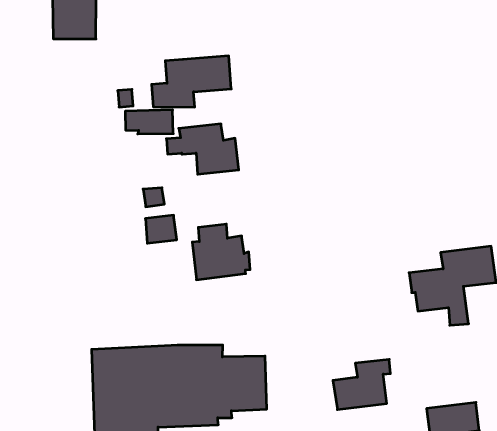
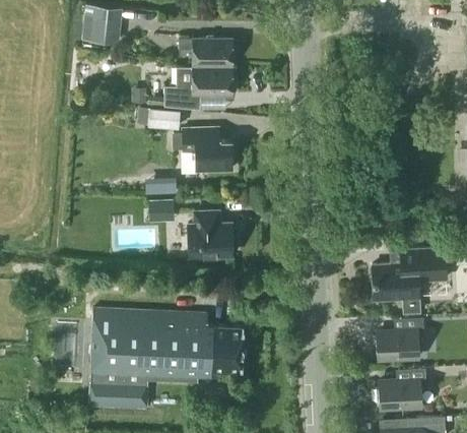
building: none -> [179,39,232,67]
building: [333,359,390,410] -> [375,319,424,359]

